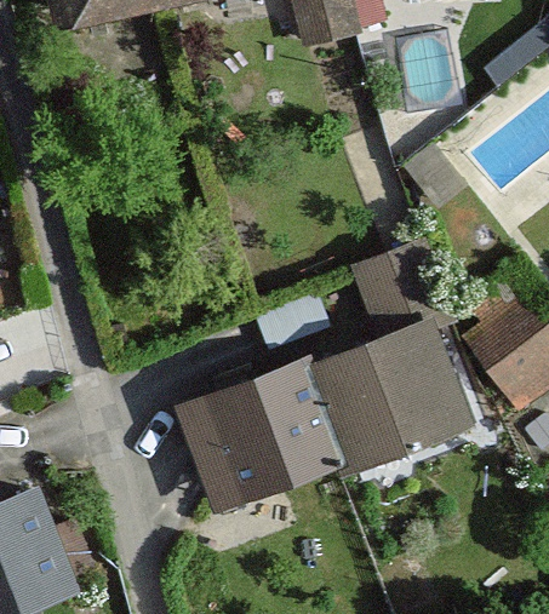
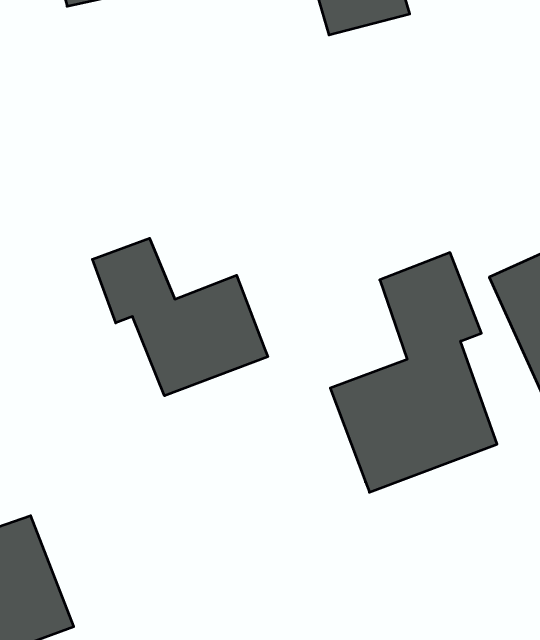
building: none -> [92,238,268,396]
building: [182,367,343,510] -> none

